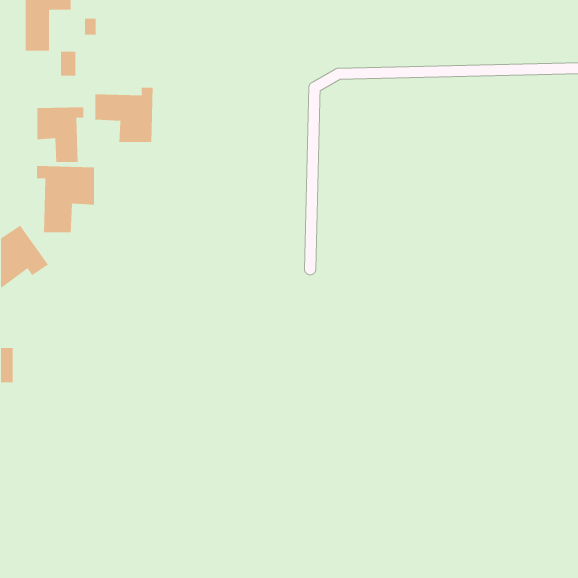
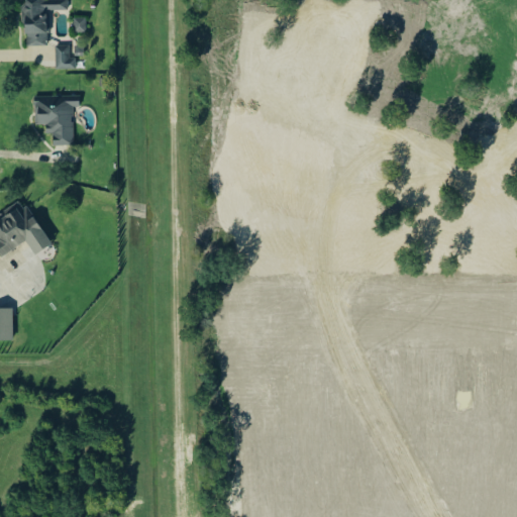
building: [95,87,153,143] -> none
building: [36,165,95,233] -> none

